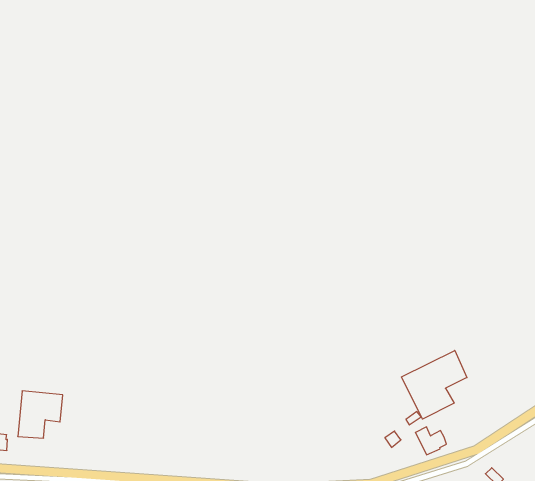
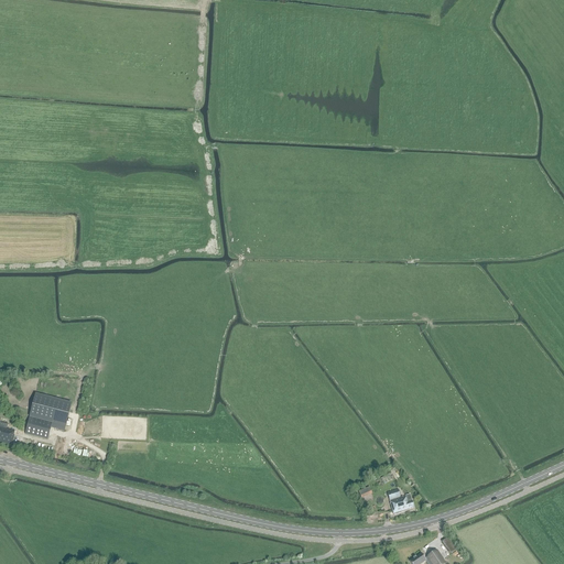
building: [401,350,467,419] -> none

